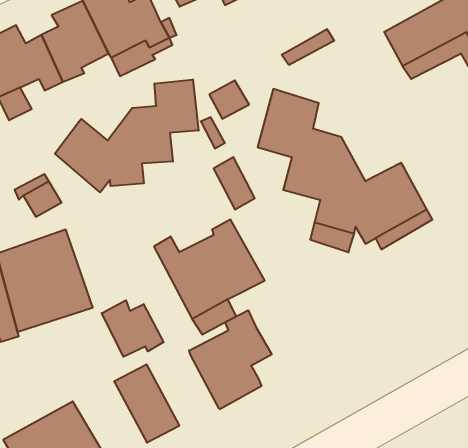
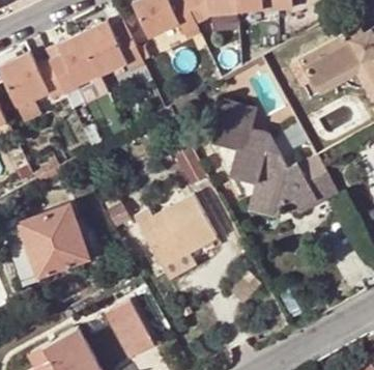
building: [55,79,199,192] -> none
building: [102,300,164,357] -> none
building: [189,310,272,409] -> none

